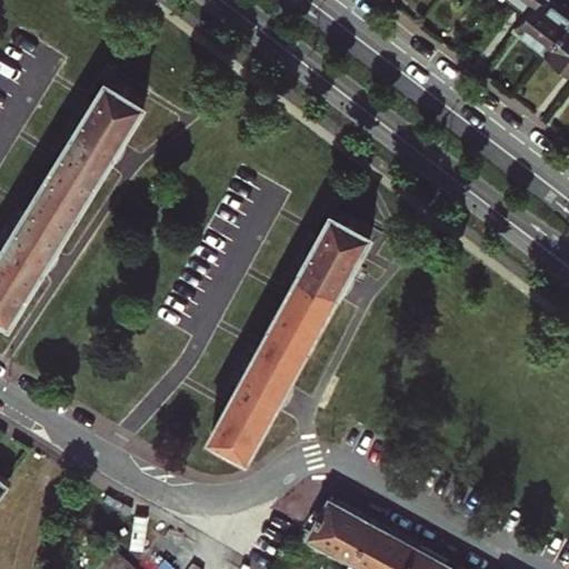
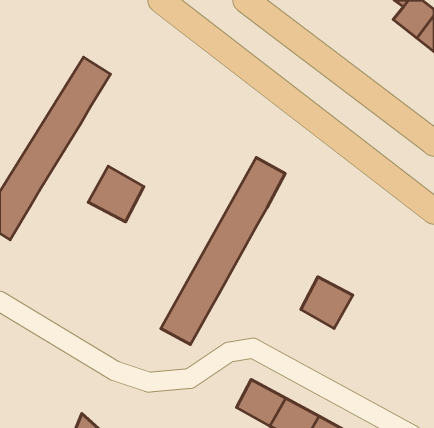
building: none -> [88,166,144,222]
building: none -> [301,277,353,329]

